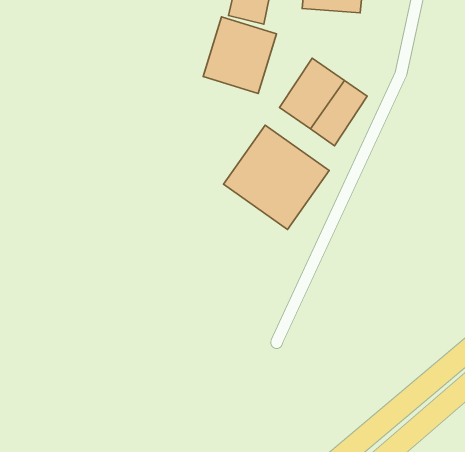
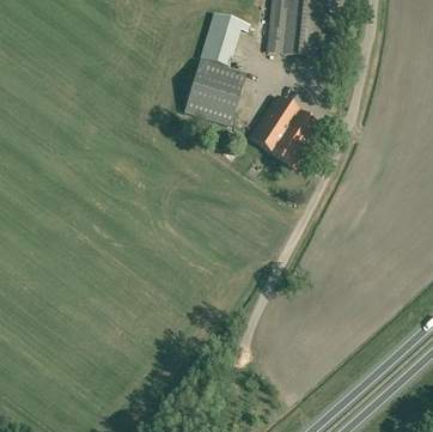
building: [223,125,329,229] -> none

